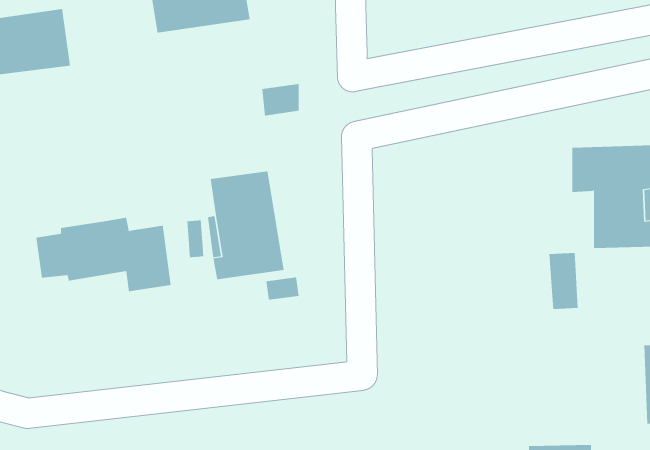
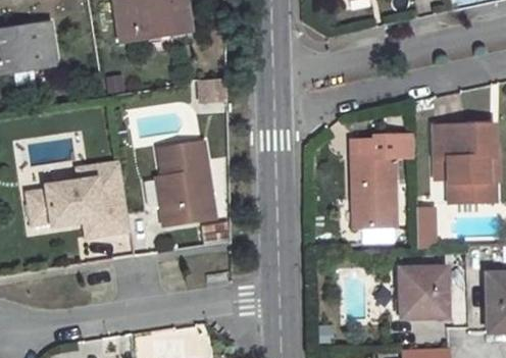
building: none -> [351,136,412,227]
building: none -> [79,161,125,188]
building: none -> [398,267,446,317]

